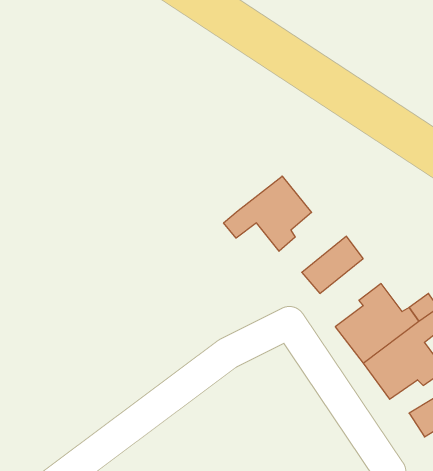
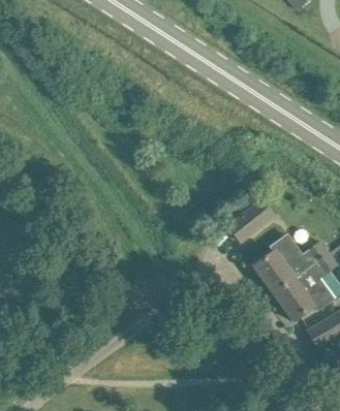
building: [224,176,312,251] -> none

